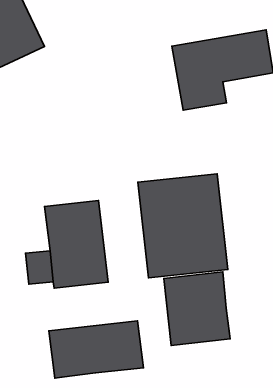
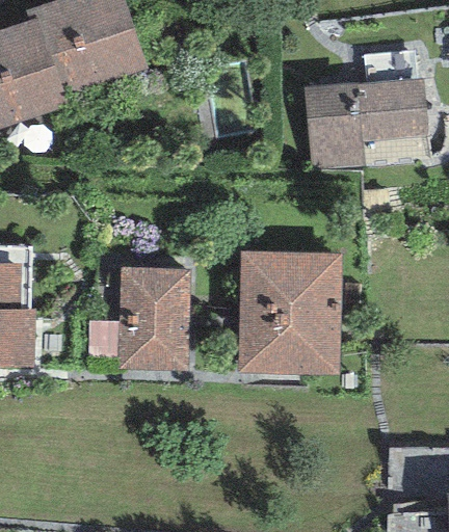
building: [164,272,230,345] -> none
building: [49,321,143,378] -> none

